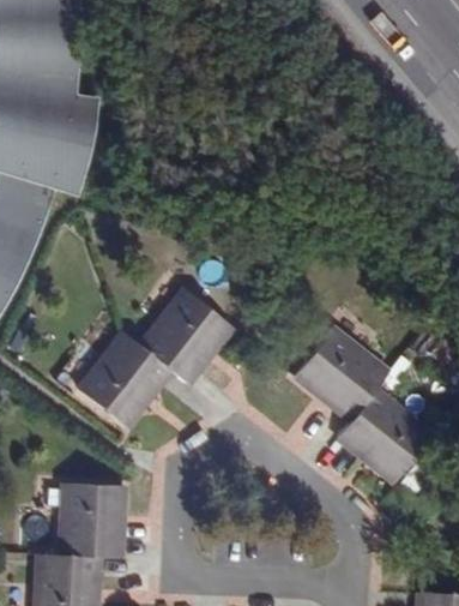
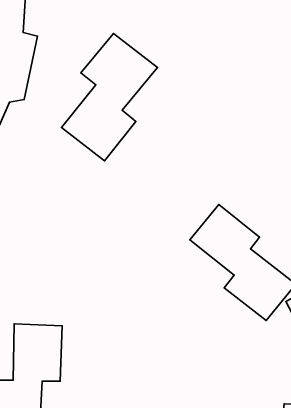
building: none -> [61,33,158,161]
building: [76,289,232,428] -> none

